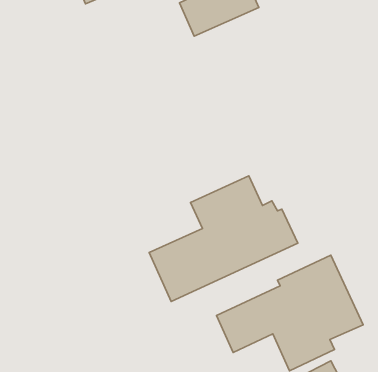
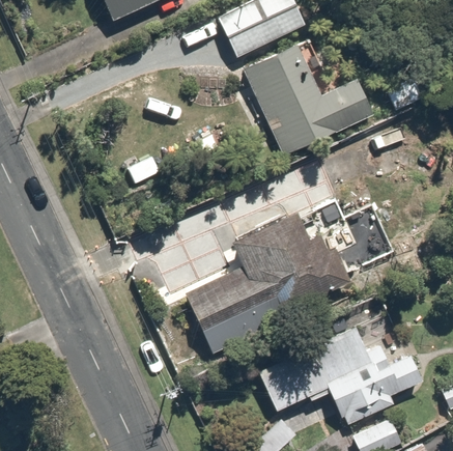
building: none -> [245,40,367,151]

